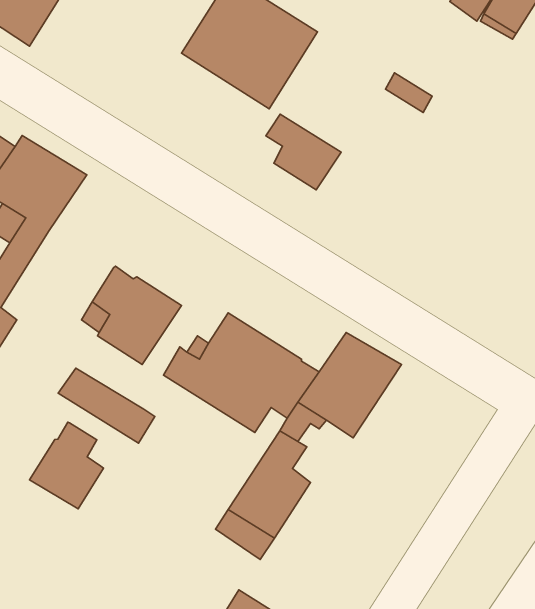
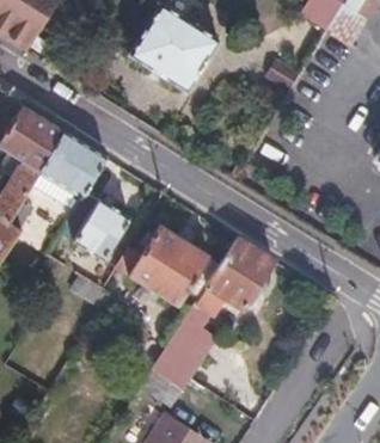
building: [266,114,341,190] -> none
building: none -> [41,134,106,196]
building: [29,422,103,509] -> none

